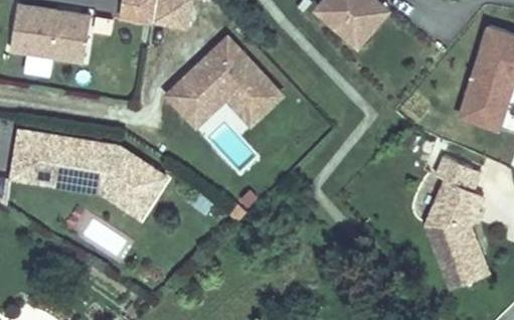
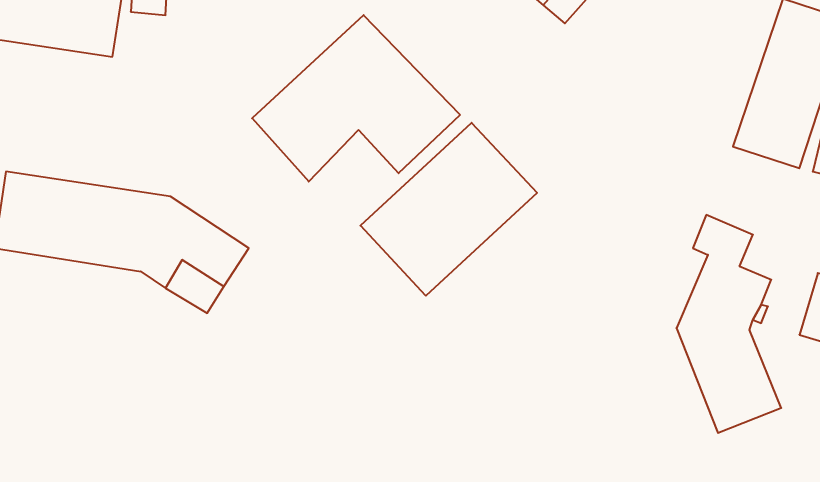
building: none -> [360,123,537,296]

